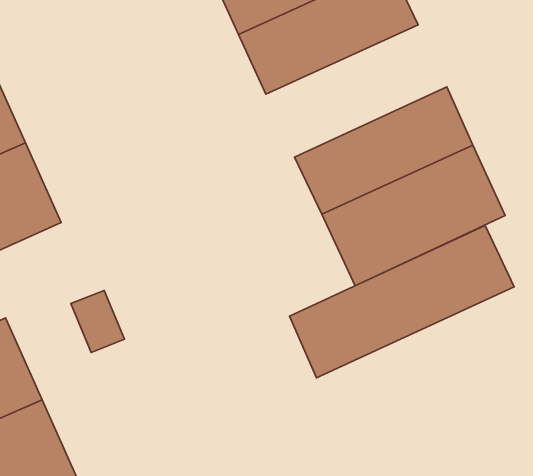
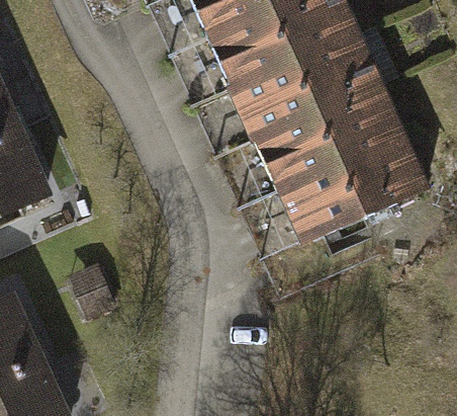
building: none -> [229,27,382,140]
building: [289,225,514,378] -> none

